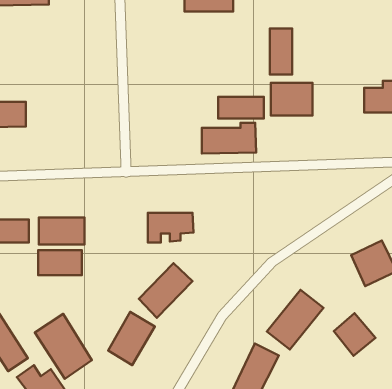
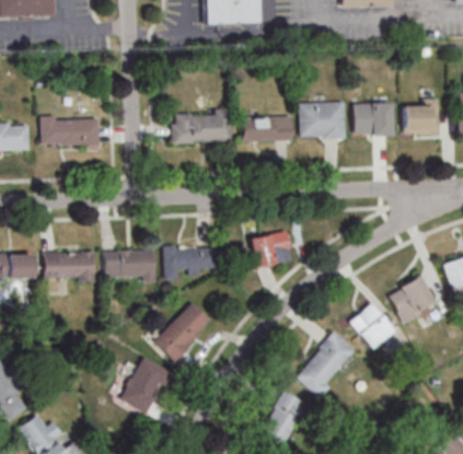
building: [270,28,292,75] -> none
building: none -> [354,103,393,137]
building: none -> [40,117,99,147]
building: [202,123,256,153] -> [172,109,232,143]
building: none -> [251,232,293,268]
building: [38,250,82,275] -> [105,251,153,278]
building: [334,313,375,356] -> [349,303,395,350]
building: [35,314,92,379] -> none

